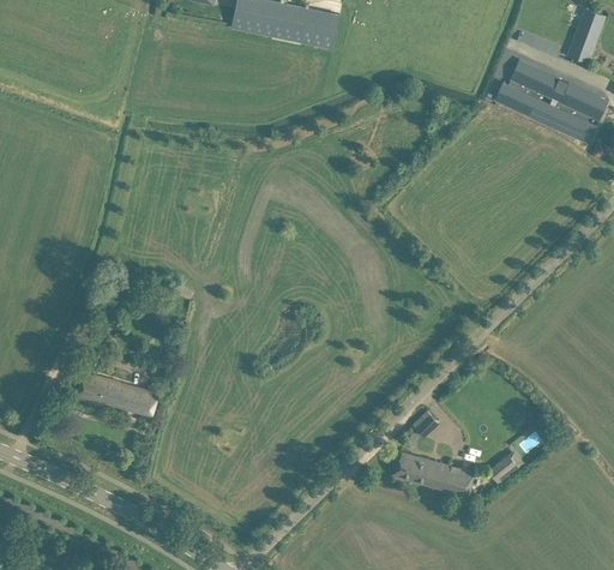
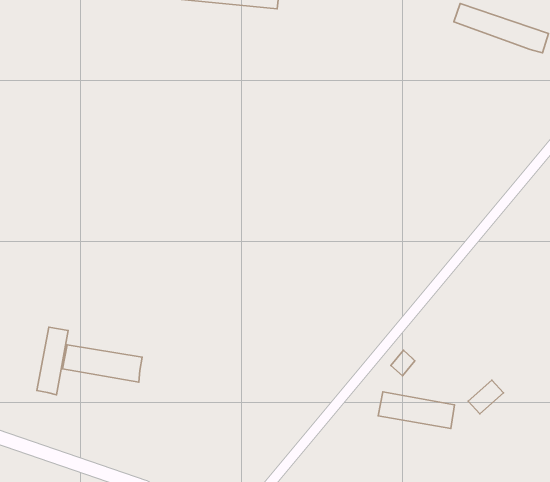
building: [495,83,596,143] -> none
building: none -> [37,327,68,395]

